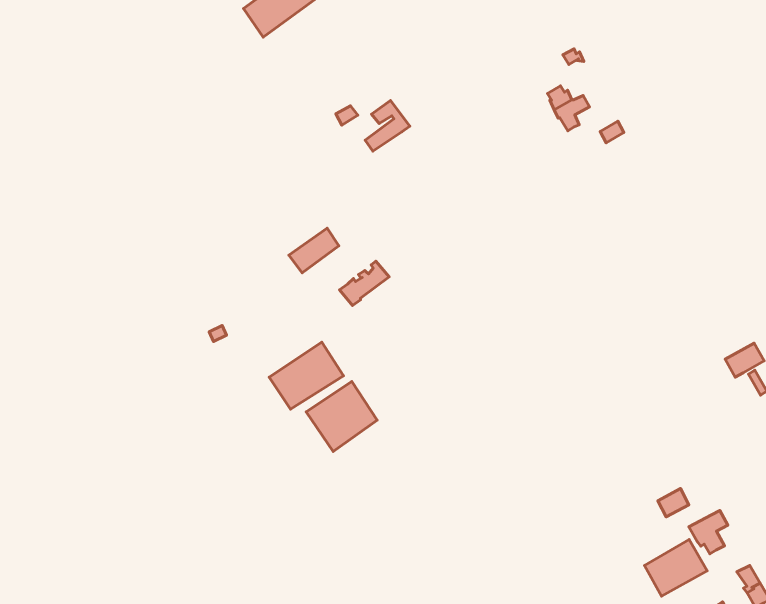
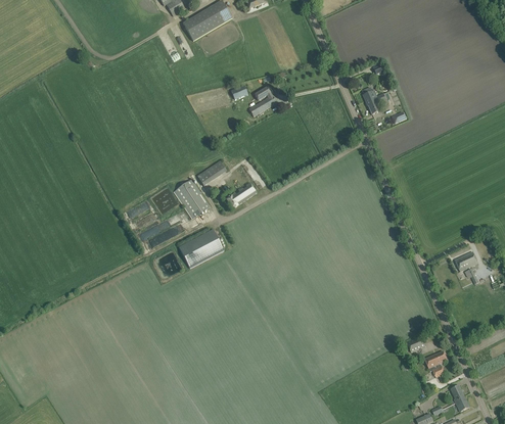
building: none -> [173,179,210,218]
building: [306,382,377,452] -> none
building: [645,539,707,596] -> none

